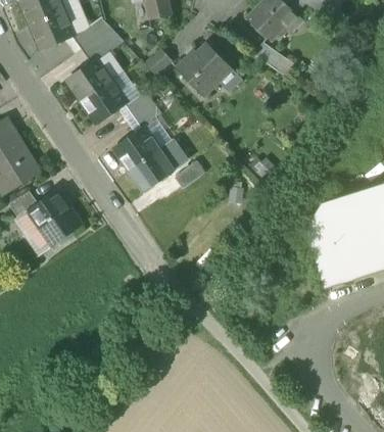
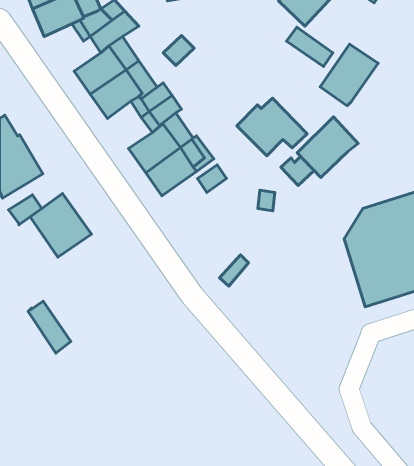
building: [177,44,239,95] -> [237,98,307,156]
building: none -> [320,44,378,105]
building: none -> [297,117,358,177]
building: [14,209,52,255] -> [28,301,71,353]

